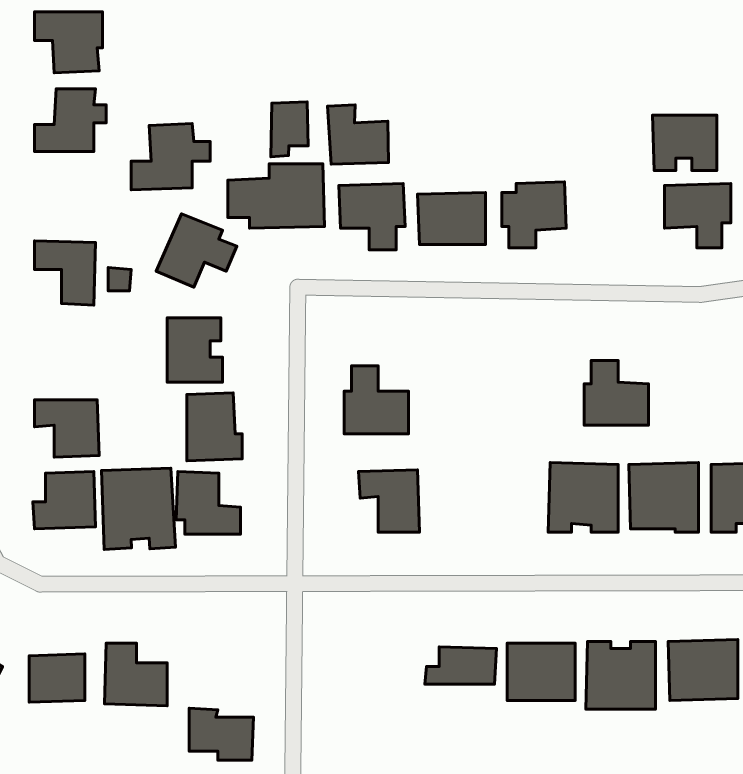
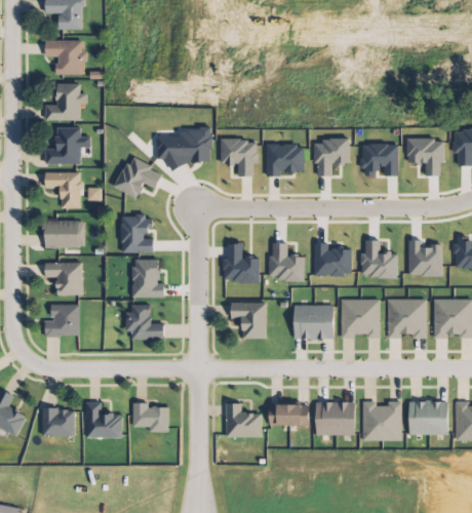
building: [271,102,308,157] -> none
building: [328,105,389,164] -> none
building: [652,115,717,171] -> [361,144,398,175]
building: [131,124,210,190] -> [45,126,90,164]
building: none -> [44,220,83,247]
building: none -> [407,240,442,276]
building: none -> [269,242,305,280]
building: none -> [313,242,351,276]
building: [102,468,175,549] -> none
building: none -> [293,305,333,339]
building: none -> [226,403,262,437]
building: [189,708,254,760] -> [132,402,169,432]

